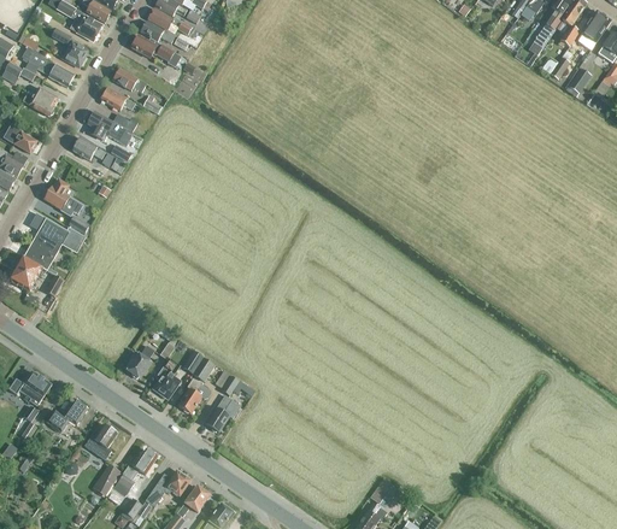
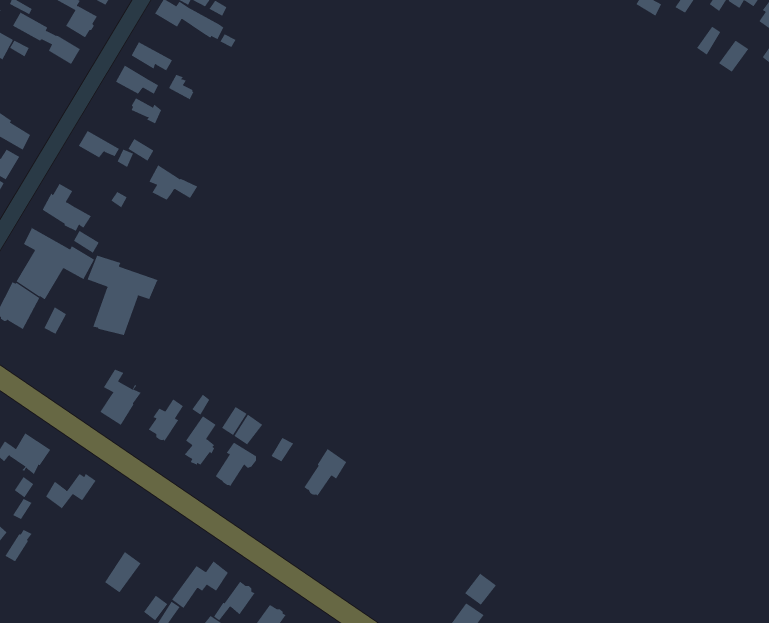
building: [23,87,59,116] -> none
building: [88,111,127,139] -> [148,165,198,200]
building: none -> [87,255,160,336]
building: none -> [100,369,142,426]
building: [207,394,241,431] -> [304,448,347,497]
building: [84,423,118,460] -> none
building: [112,448,157,495] -> none

